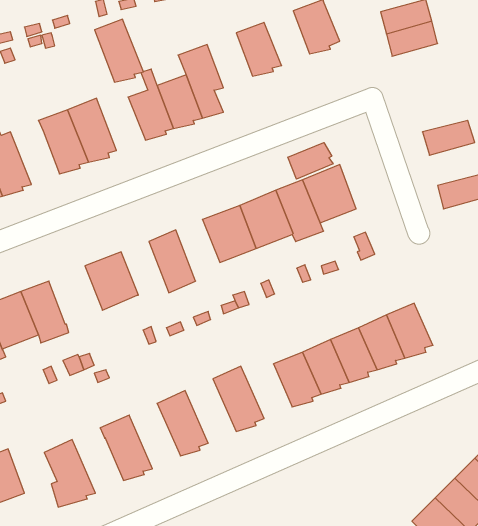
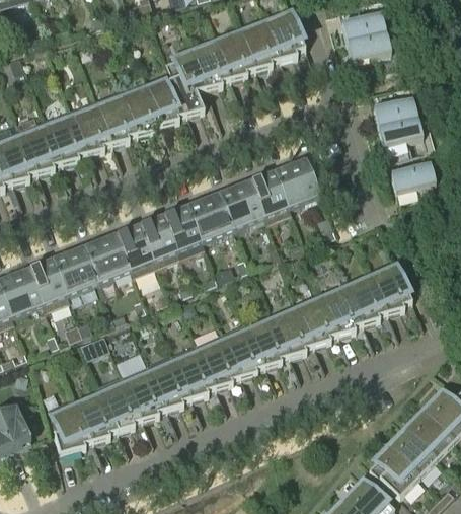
building: none -> [239,21,279,69]
building: [95,19,144,82] -> [93,88,136,143]
building: none -> [189,41,229,88]
building: none -> [372,97,416,127]
building: none -> [17,116,61,172]
building: [288,143,333,179] -> none
building: none -> [162,203,204,256]
building: none -> [114,222,156,276]
building: none -> [52,243,98,294]
building: none -> [370,265,411,312]
building: none -> [223,328,263,376]
building: none -> [170,342,215,397]
building: none -> [122,363,166,420]
building: none -> [76,392,117,441]

